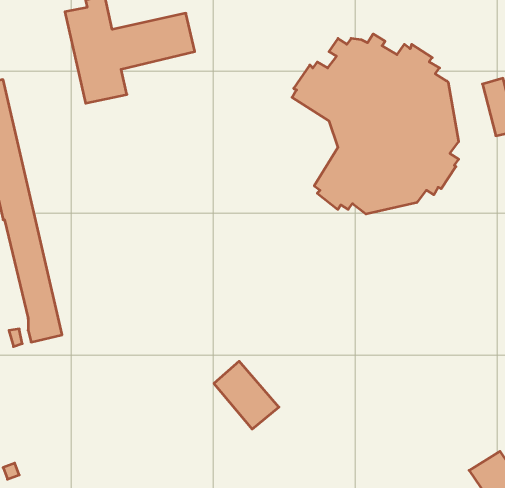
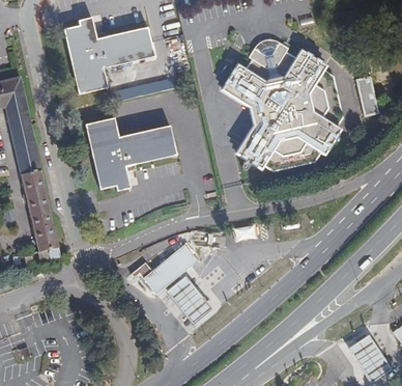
building: none -> [85,117,176,189]
building: none -> [146,243,198,293]

